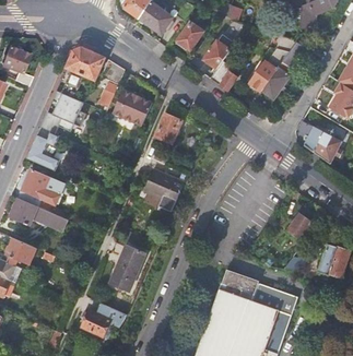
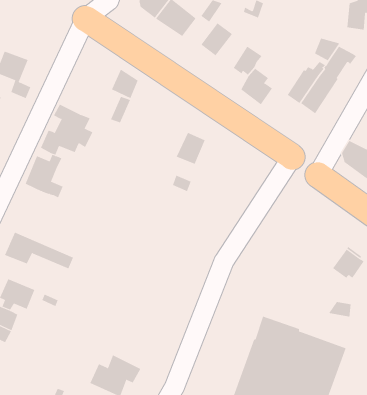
building: [61,48,106,99] -> none
building: [111,91,152,127] -> none
building: [143,169,183,212] -> none
building: [19,170,71,221] -> none
building: [111,247,144,290] -> none

